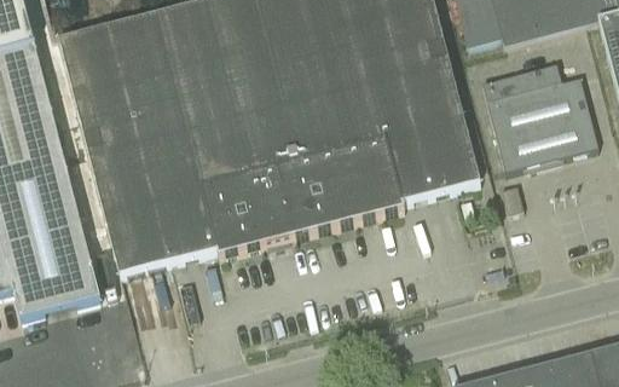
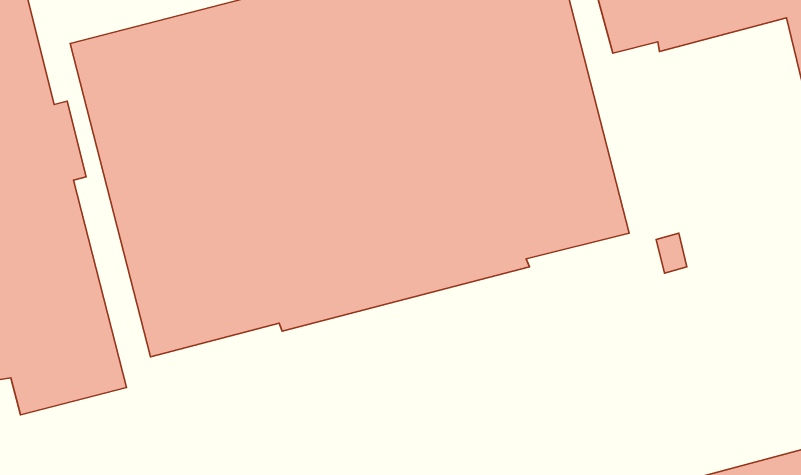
building: [481,60,598,169] -> none

